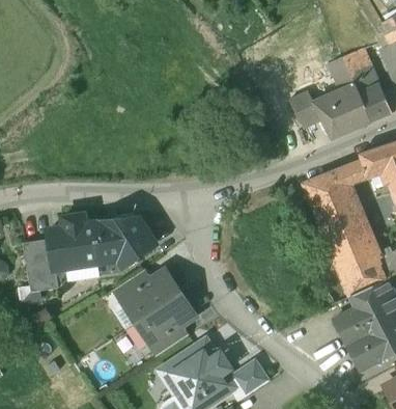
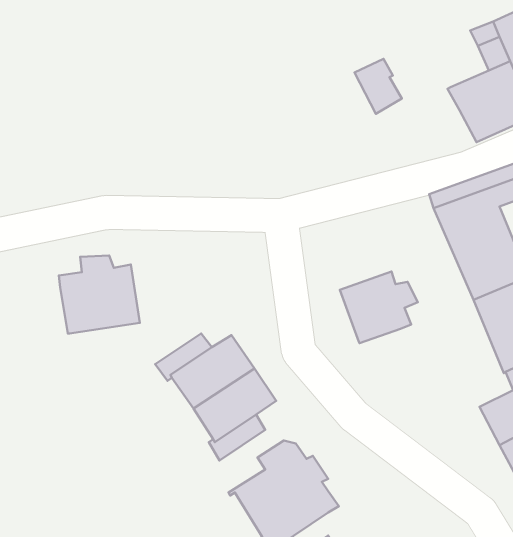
building: [288,90,320,128] -> [354,59,402,114]
building: [97,216,154,265] -> none
building: none -> [340,271,418,343]
building: [23,238,59,292] -> none
building: [231,360,270,401] -> none

